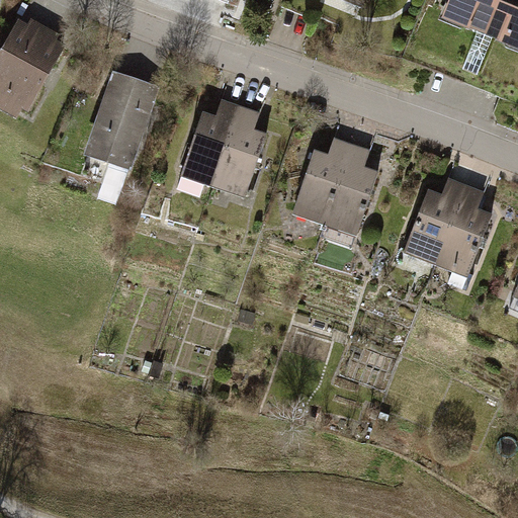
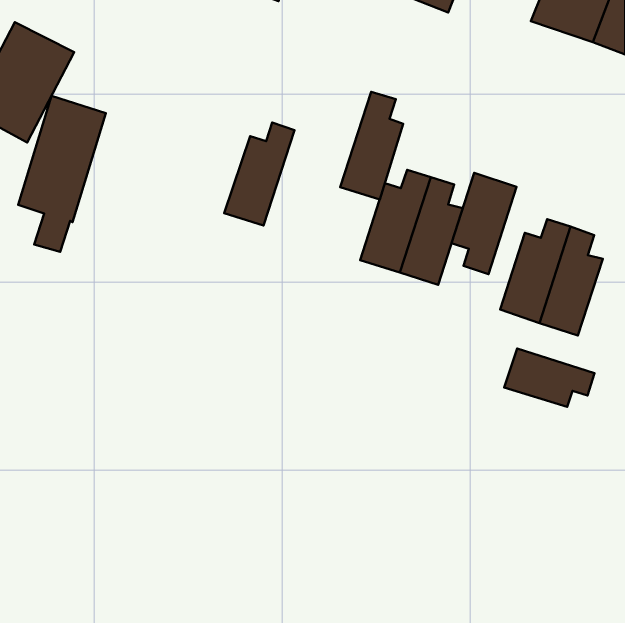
building: [79,71,151,198] -> [18,96,106,252]
building: [215,106,267,194] -> [340,92,403,199]
building: none -> [452,173,517,274]
building: none -> [504,348,595,407]

